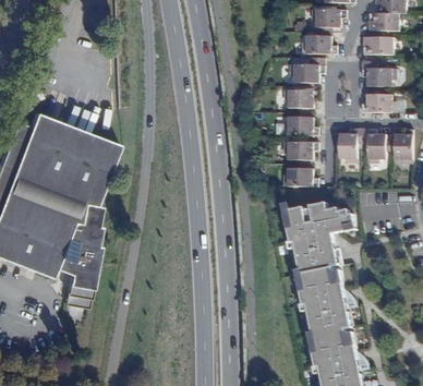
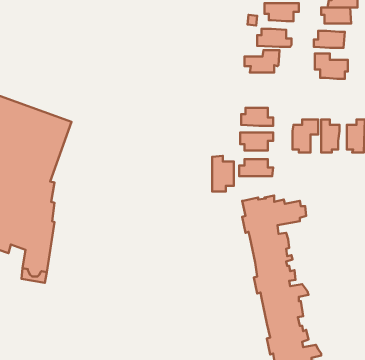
building: [287,91,321,108] -> none
building: [362,94,396,112] -> none
building: none -> [212,156,234,192]

